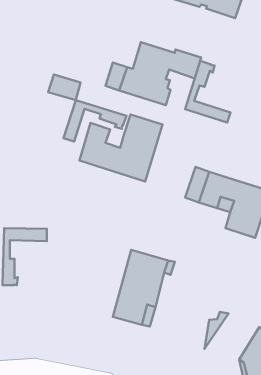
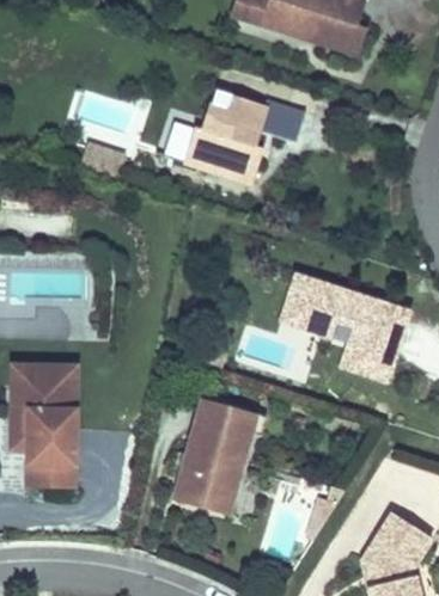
building: [185,61,231,122] -> none
building: [64,100,126,142] -> none
building: [79,114,163,181] -> none
building: none -> [20,383,75,486]

